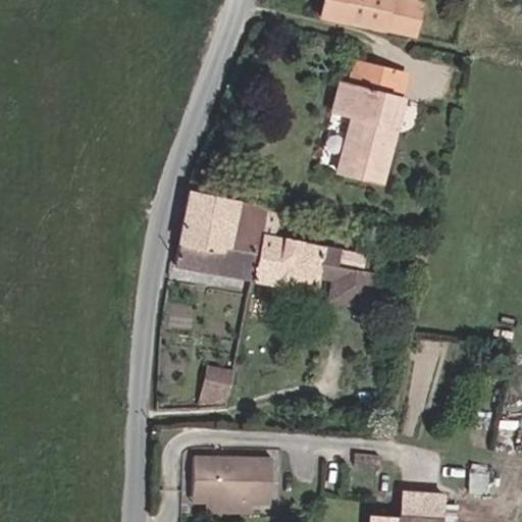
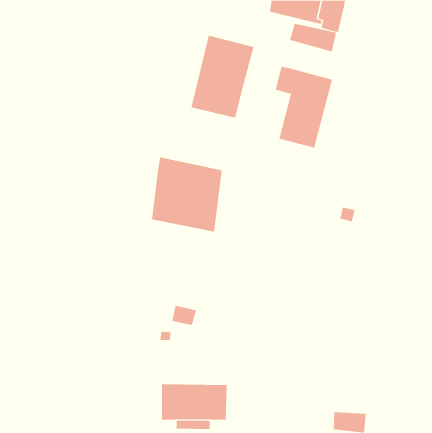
building: none -> [191,35,254,118]
building: [348,61,405,96] -> [289,23,337,52]
building: [258,205,379,310] -> none

